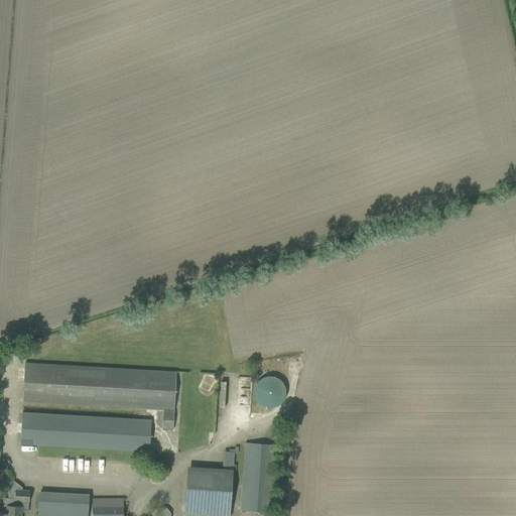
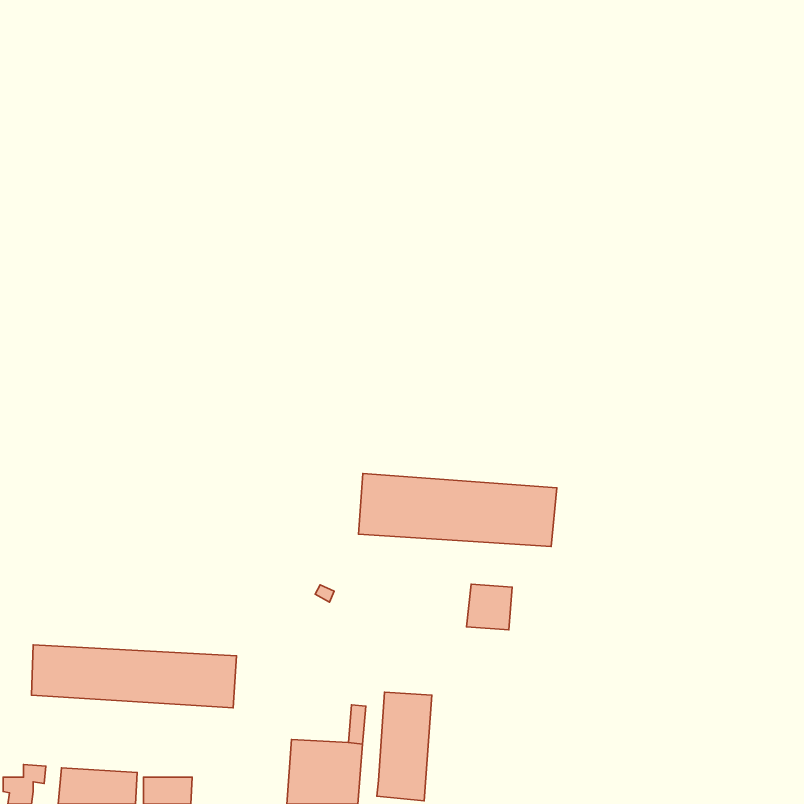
building: none -> [359,473,557,547]
building: [23,363,176,430] -> none
building: [255,376,284,405] -> [466,584,512,630]

